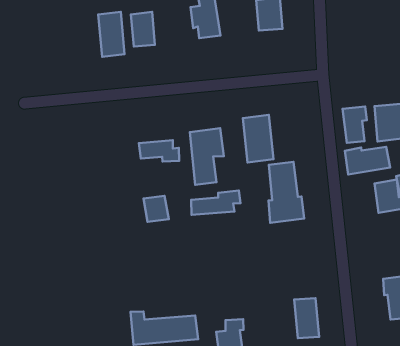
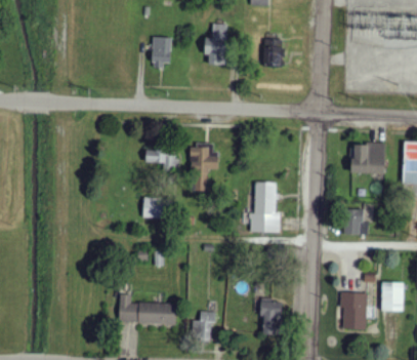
building: [98,12,125,57] -> none
building: [343,107,367,143] -> none
building: [243,115,273,162] -> none
building: [345,147,390,174] -> none
building: [191,191,241,215] -> none

